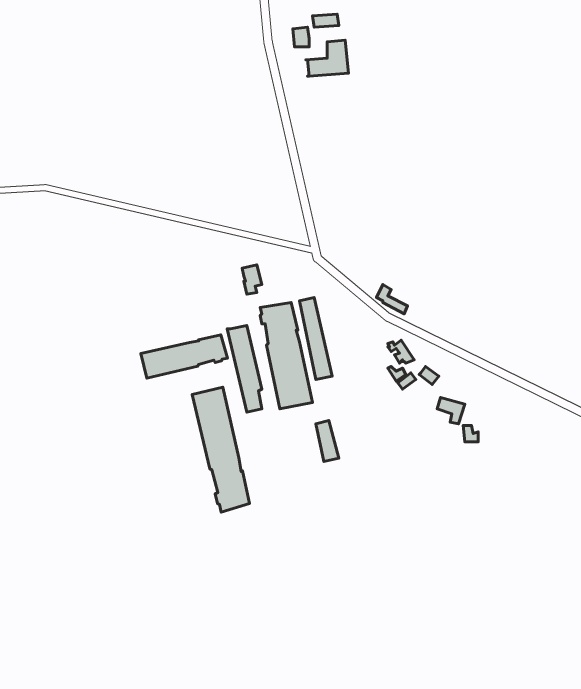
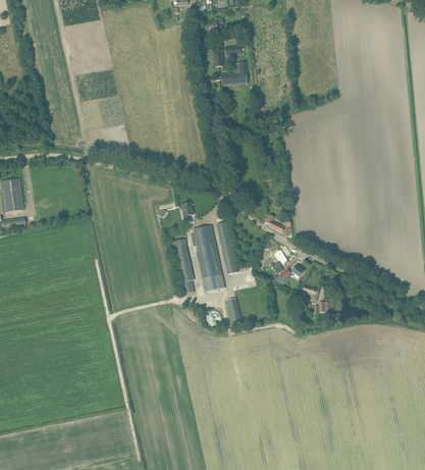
building: [141,335,228,378] -> none
building: [192,387,250,512] -> none

